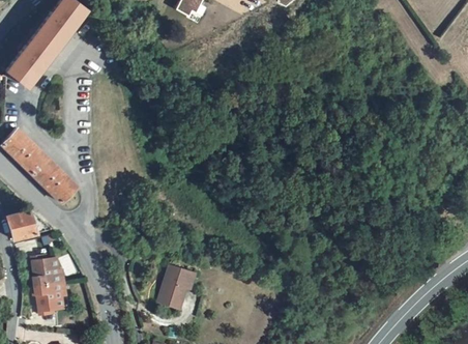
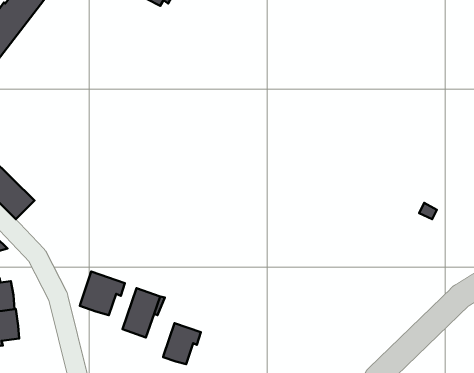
building: none -> [80,272,125,315]
building: none -> [163,323,201,364]

